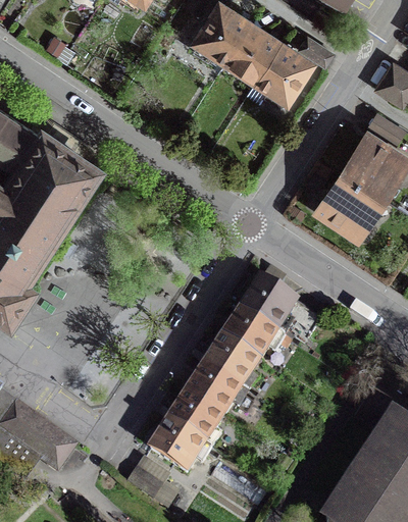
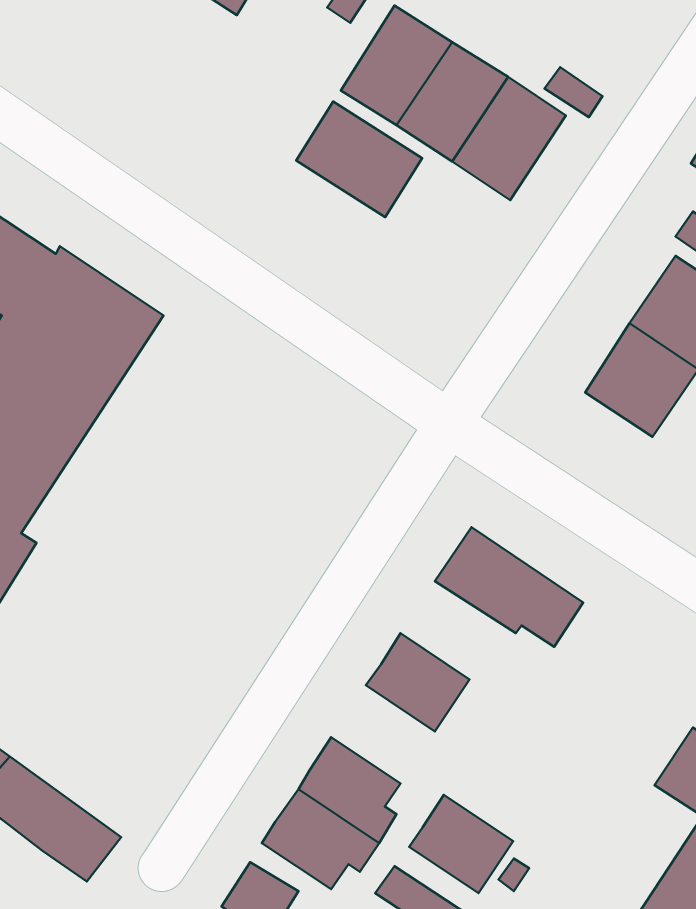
building: none -> [296,101,422,217]
building: [221,308,283,360] -> none
building: [185,363,240,415] -> [409,795,513,893]

